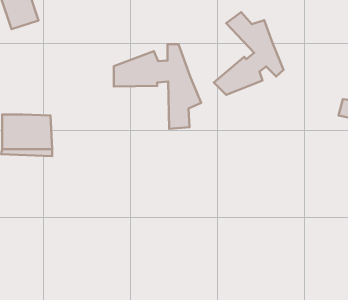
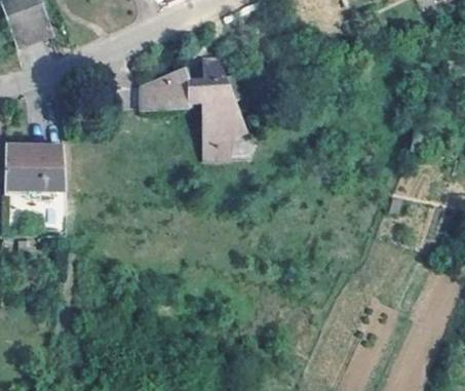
building: [214,12,284,95] -> none

